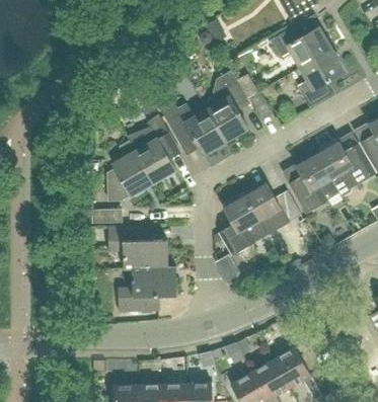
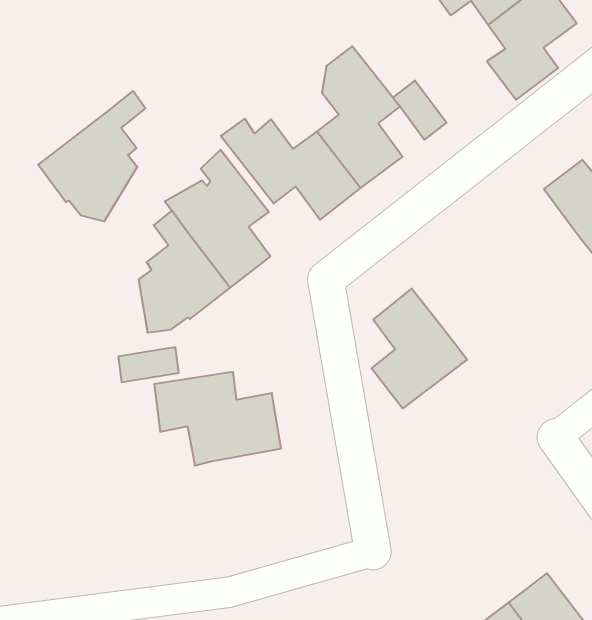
building: none -> [38,91,146,221]
building: [292,154,332,213] -> none
building: [245,183,302,228] -> none
building: [119,267,177,312] -> none

